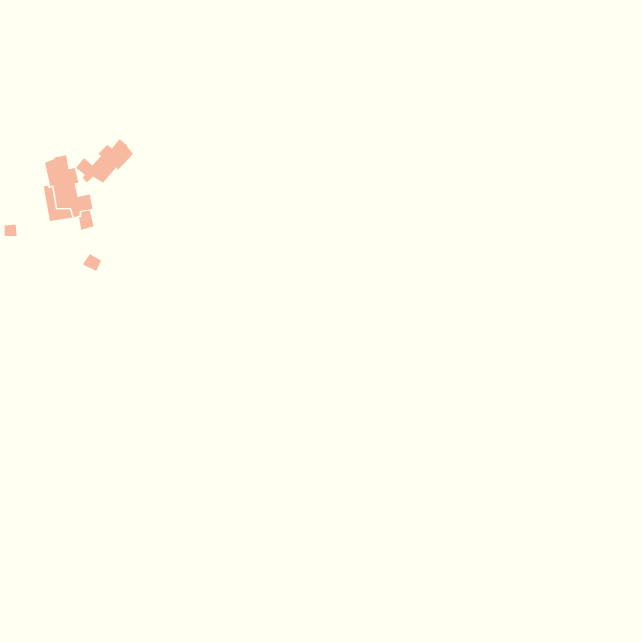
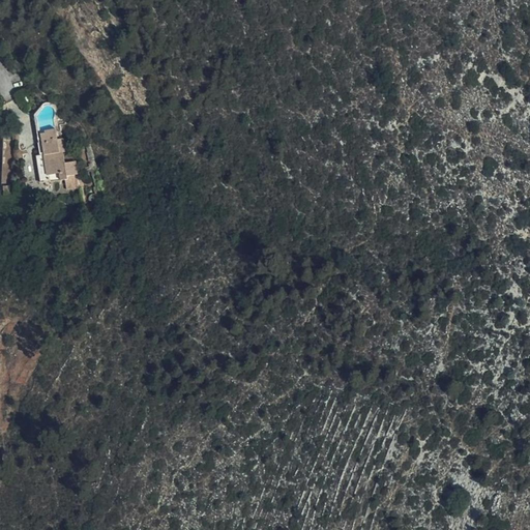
building: [76,138,134,184] -> none

